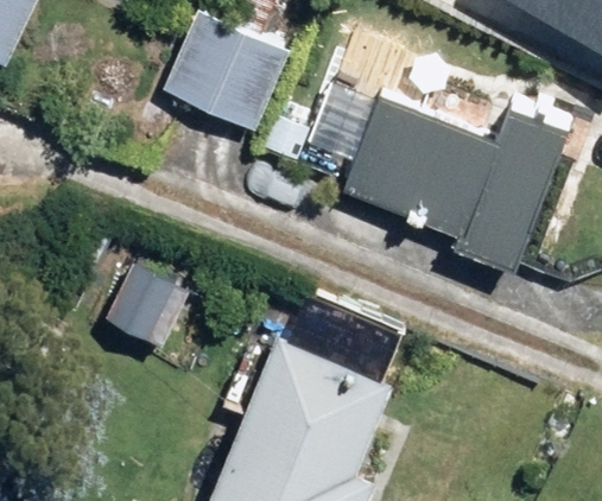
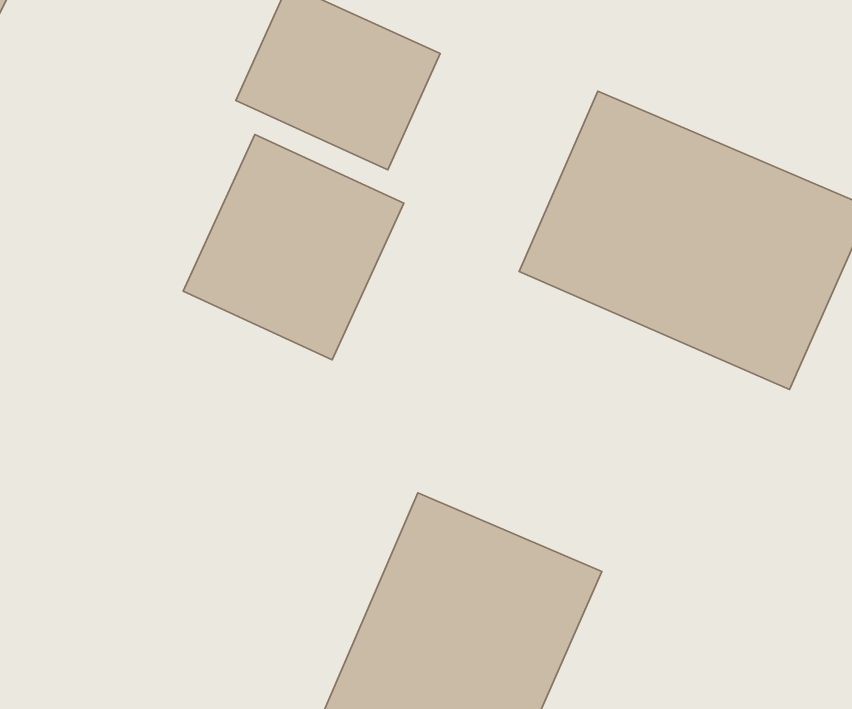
building: none -> [183,134,404,360]

